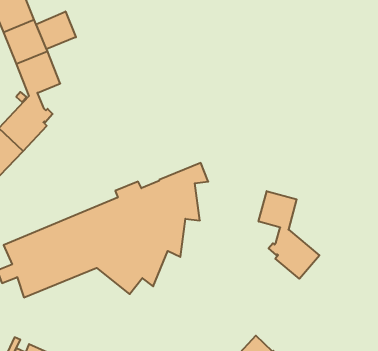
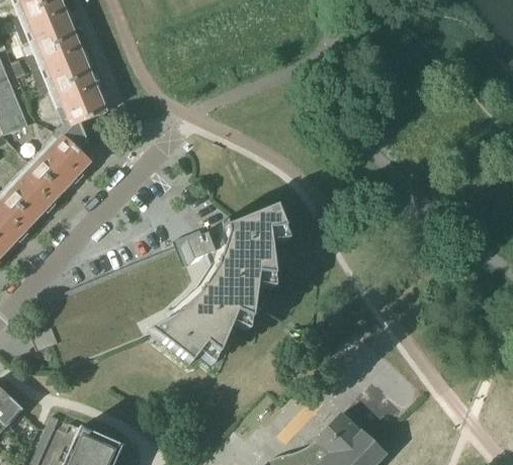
building: [36,11,76,49] -> none
building: [259,191,319,279] -> none

